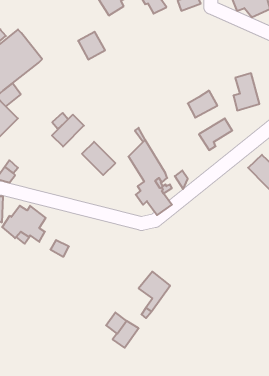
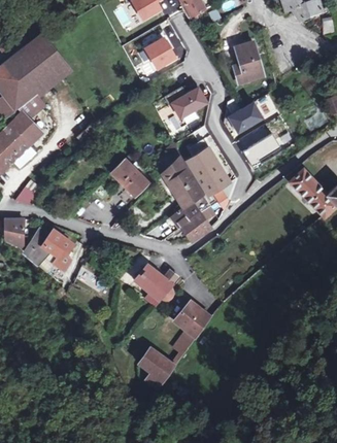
building: [78,32,105,60] -> [143,37,173,68]
building: [233,73,259,110] -> [234,41,263,82]
building: none -> [171,87,205,116]
building: [52,115,84,147] -> none
building: none -> [187,140,229,196]
building: none -> [135,266,178,306]

